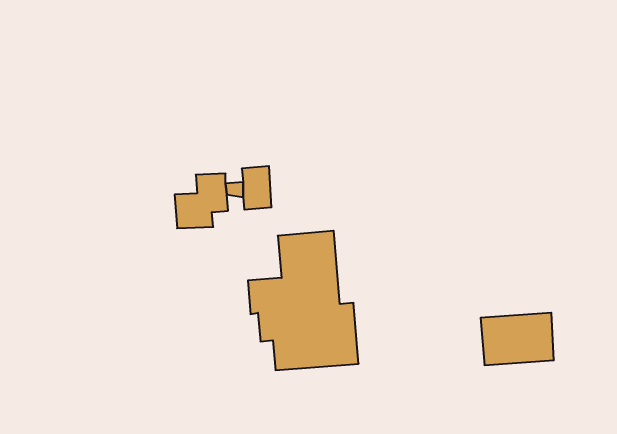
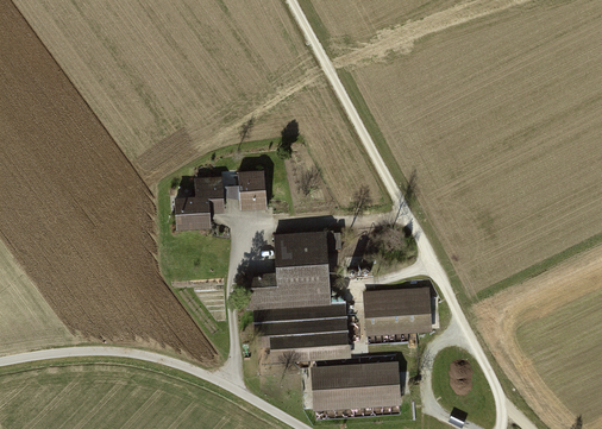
building: [481,313,554,365] -> [362,286,432,336]
building: none -> [309,361,401,411]

